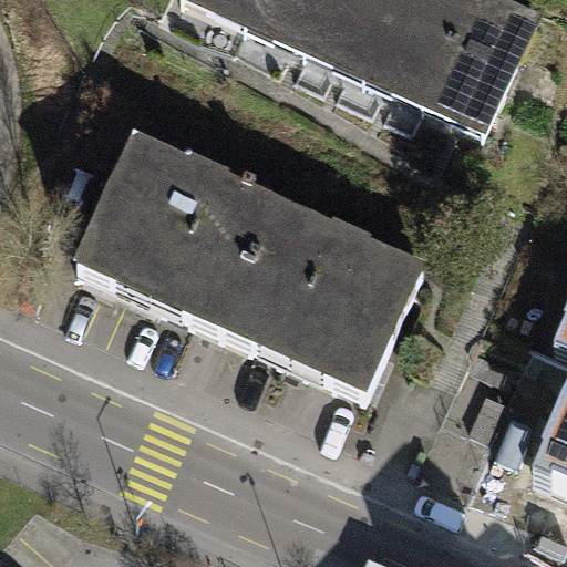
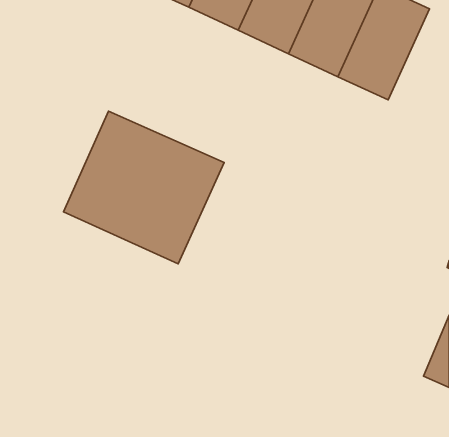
building: [224,204,419,392] -> none

